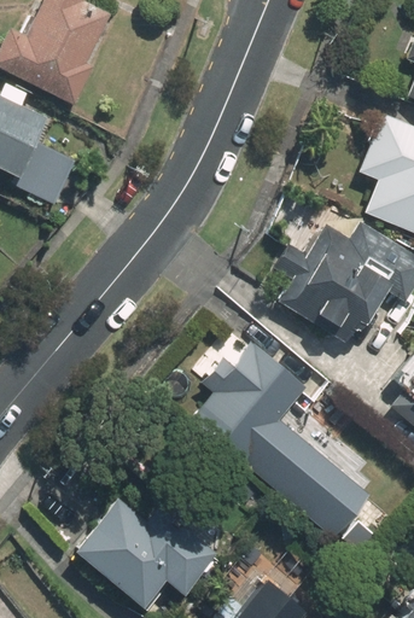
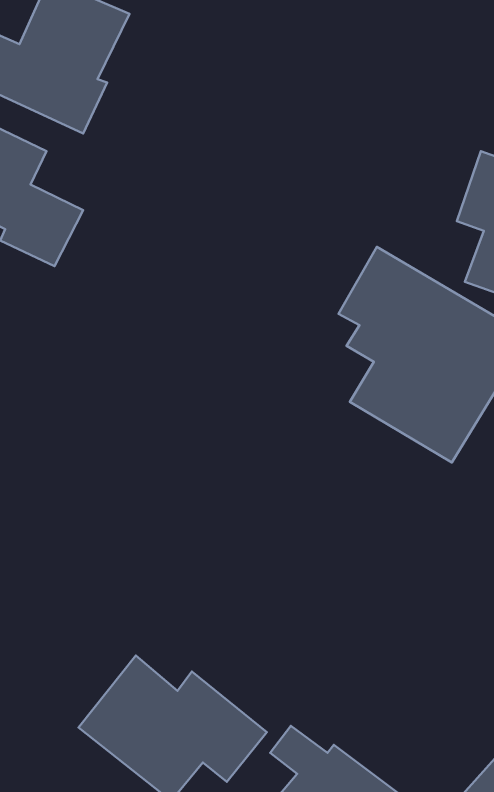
building: [188,330,371,542] -> none

